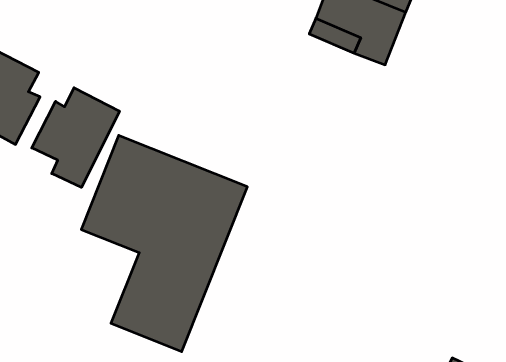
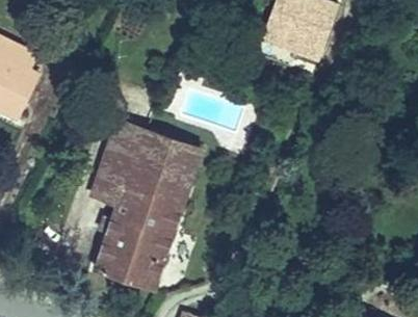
building: [32,88,119,187] -> none

